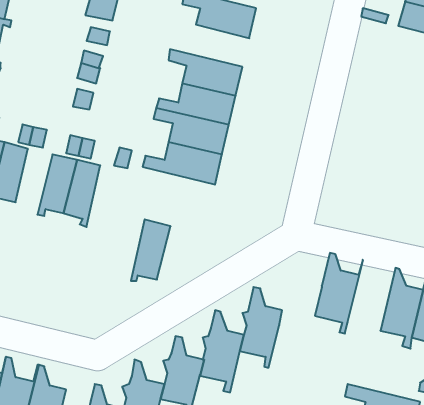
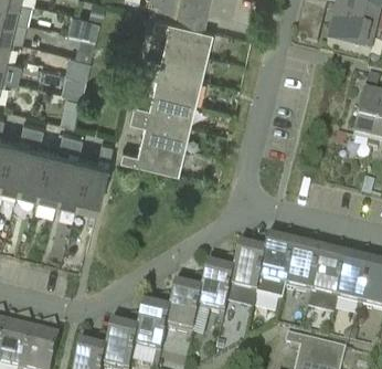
building: none -> [142,42,206,76]
building: none -> [18,143,47,196]
building: [131,219,171,281] -> [75,156,107,205]
building: none -> [231,233,265,301]
building: none -> [286,233,325,298]

